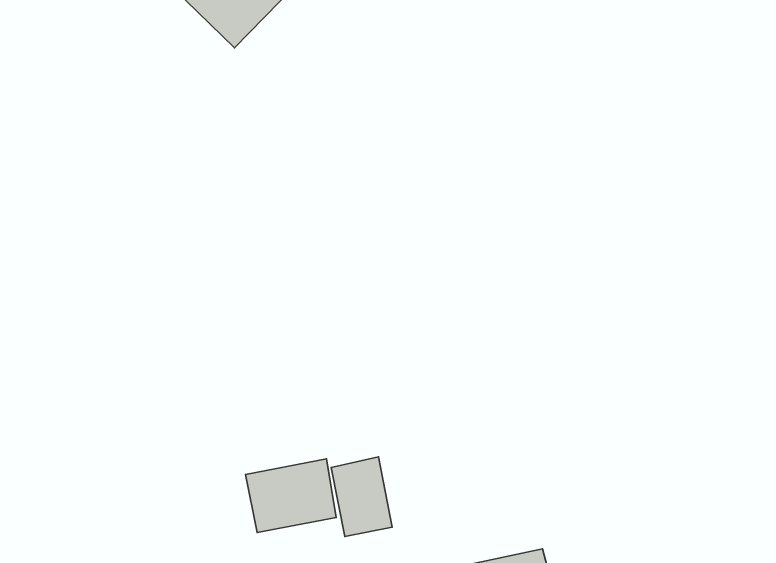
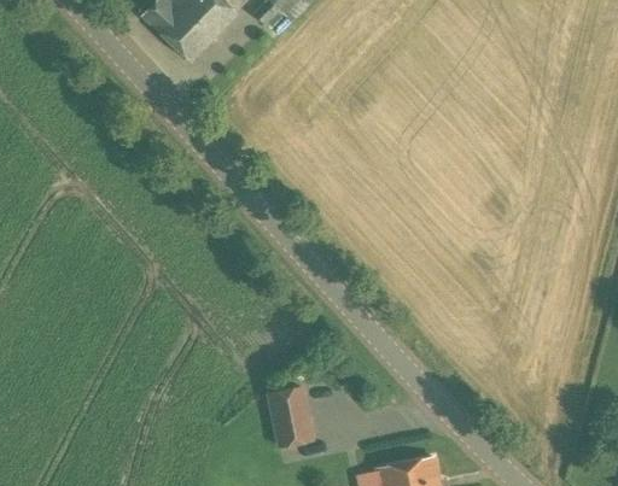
building: [246,459,336,533] -> none

